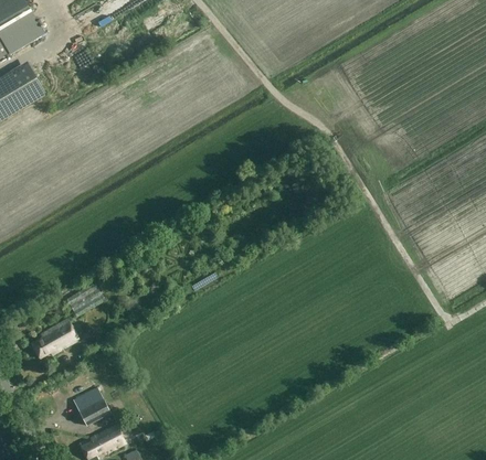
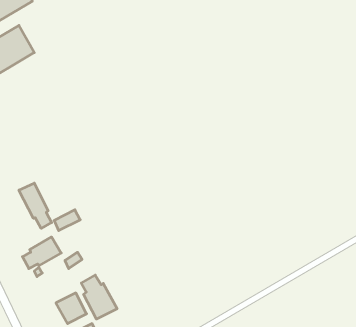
building: none -> [19,183,52,228]
building: none -> [81,275,117,319]

